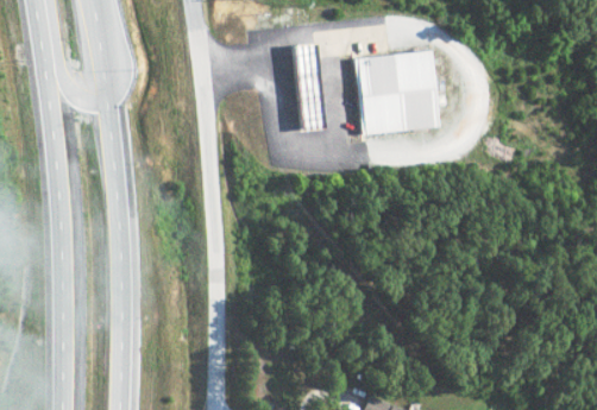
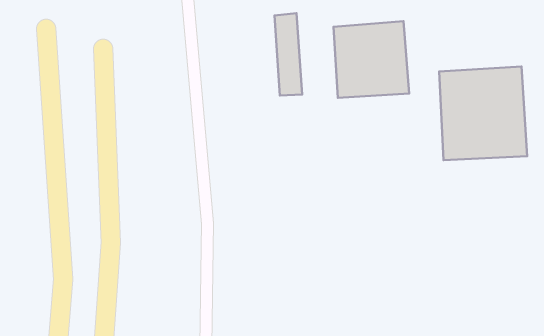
building: none -> [439,66,527,160]

